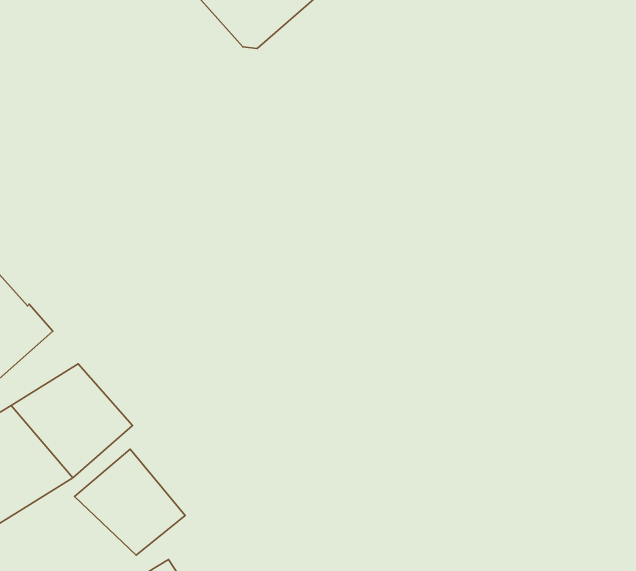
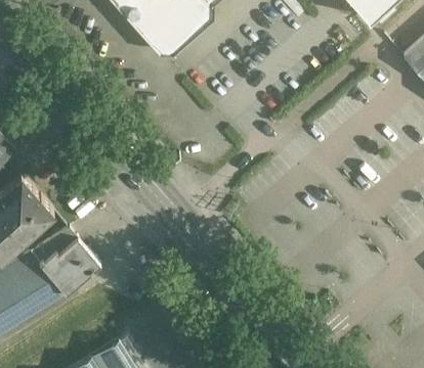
building: [75,449,185,555] -> none

